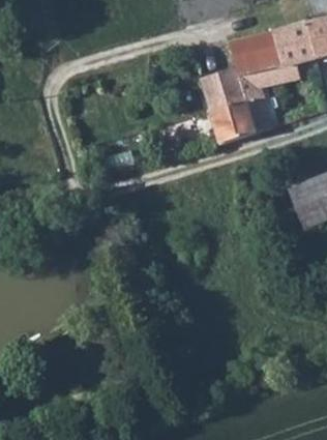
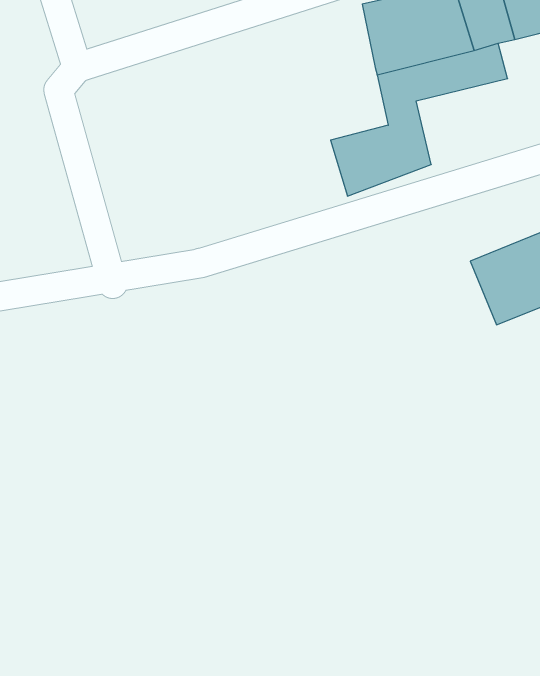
building: [202,78,242,118] -> none

